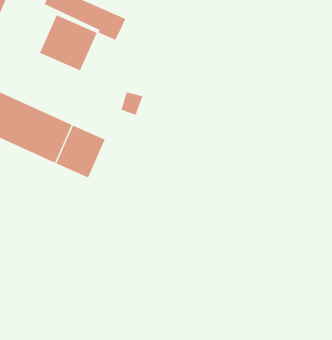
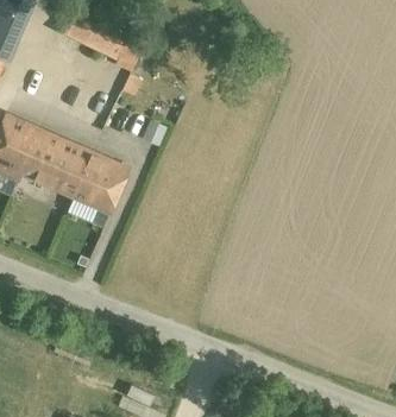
building: [39,14,98,71] -> none

